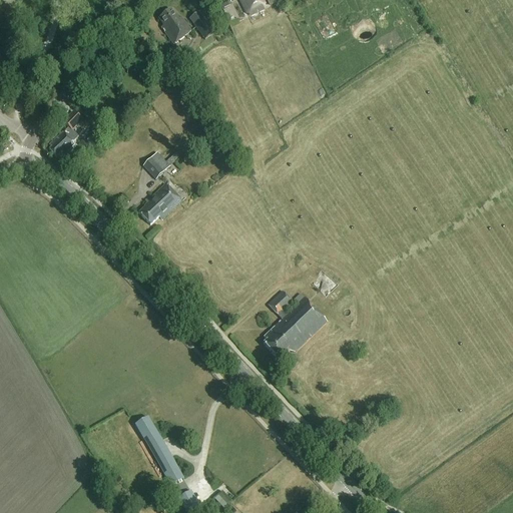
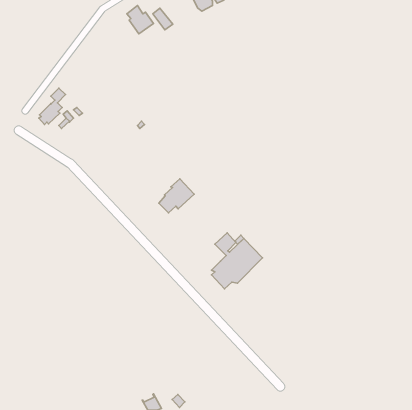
building: [142,150,169,177] -> none
building: [137,180,181,222] -> [159,179,194,213]
building: [133,415,183,484] -> none

